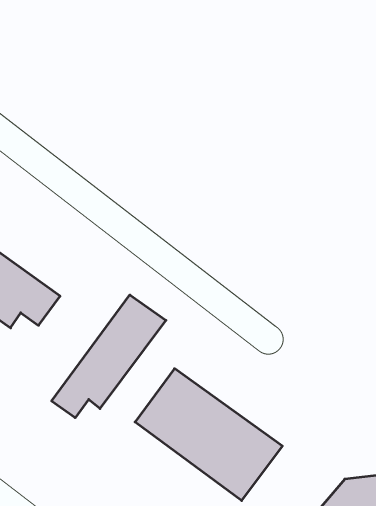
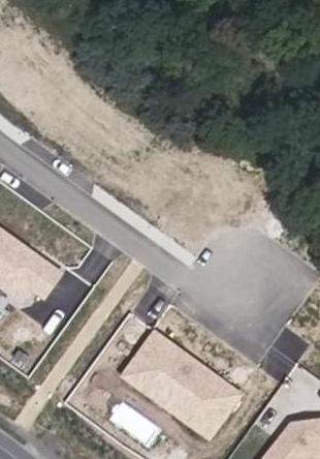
building: [52,295,166,418] -> none

